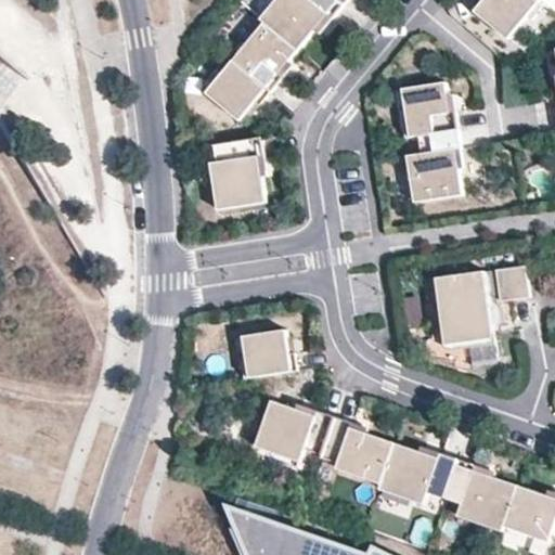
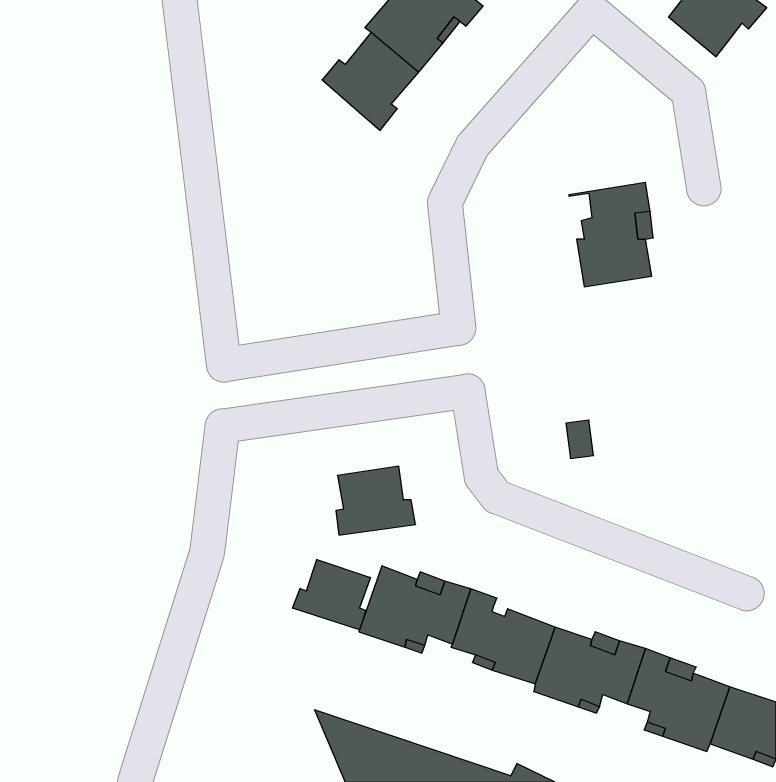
building: [204,56,269,121] -> none
building: [400,82,456,138] -> none
building: [210,137,263,209] -> none
building: [494,266,528,301] -> none
building: [433,271,494,348] -> none
building: none -> [293,559,370,630]

